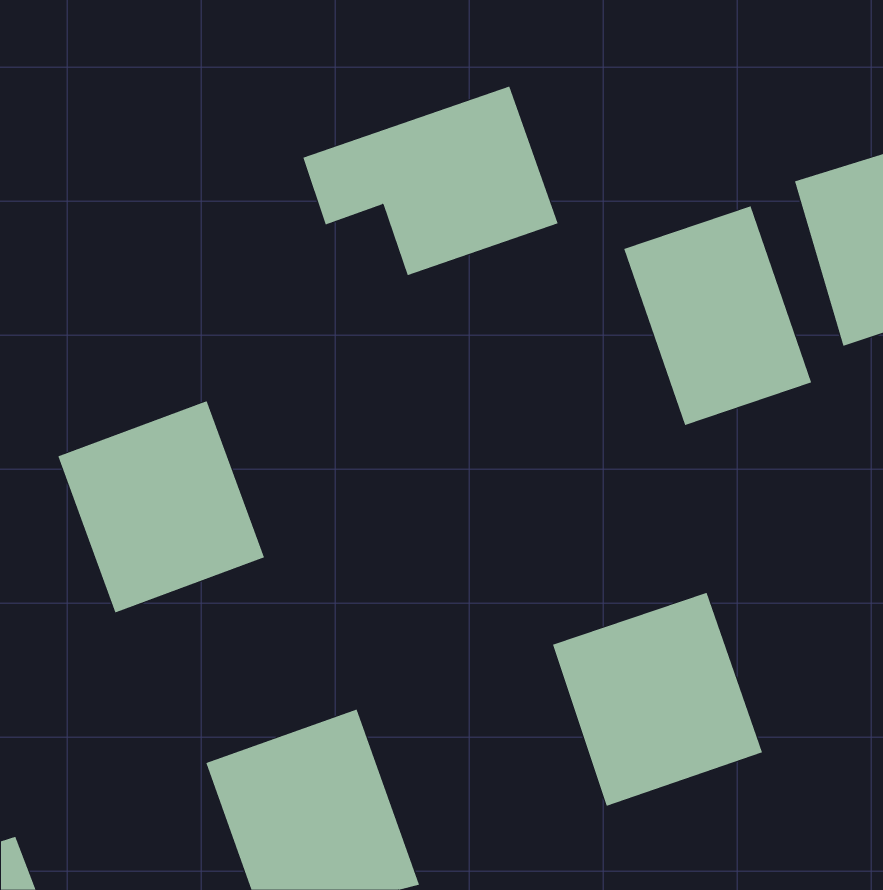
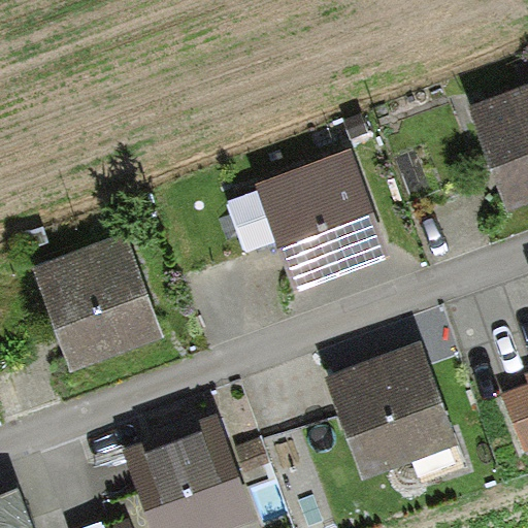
building: [303,86,559,276] -> [226,165,377,277]
building: [624,205,812,426] -> none

